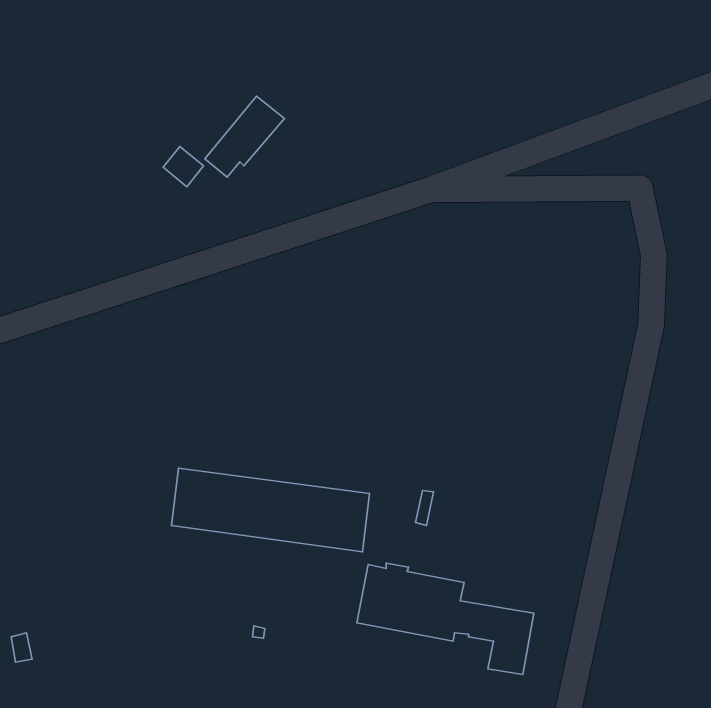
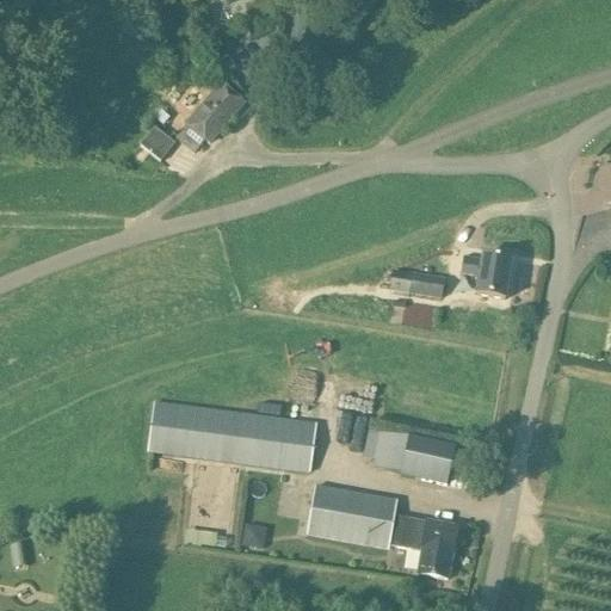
building: none -> [462,253,512,297]
building: none -> [390,267,445,297]
building: none -> [377,431,456,483]

